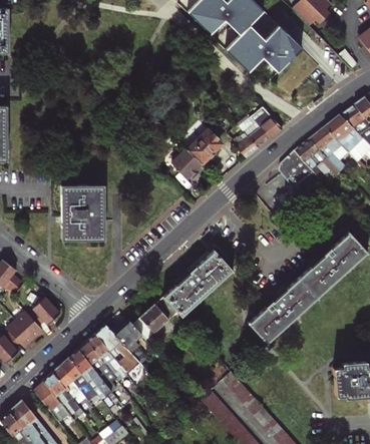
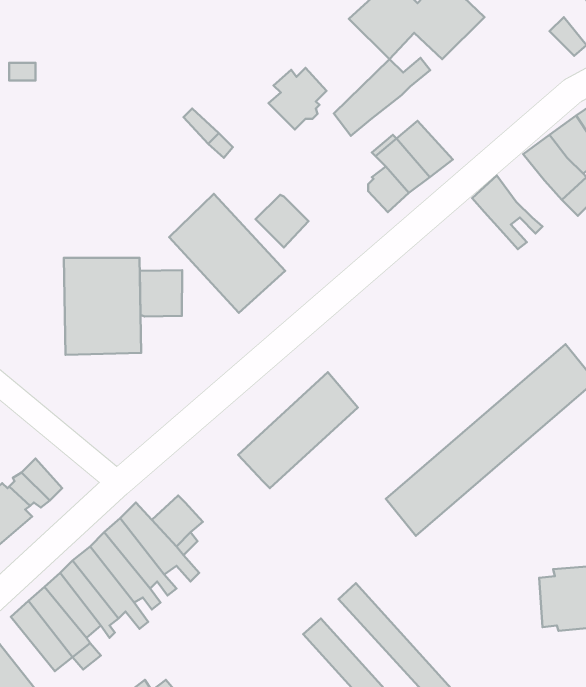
building: none -> [334,58,430,136]
building: [310,126,339,162] -> none
building: [189,130,222,165] -> [268,68,326,130]
building: none -> [169,194,285,313]
building: [280,151,322,193] -> none
building: [262,181,289,208] -> none
building: none -> [140,270,182,316]
building: [132,298,176,341] -> none

